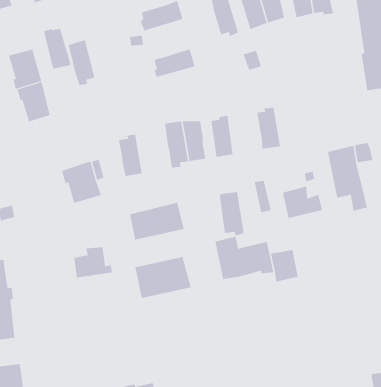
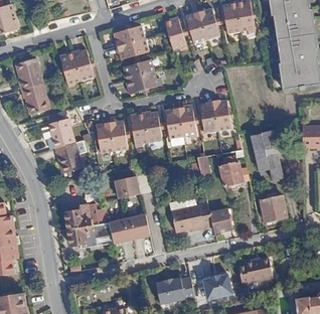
building: none -> [116,36,149,58]
building: [43,28,72,69] -> [72,49,94,80]
building: none -> [125,71,161,94]
building: none -> [212,101,231,131]
building: none -> [49,119,74,149]
building: none -> [110,120,128,151]
building: [219,192,245,236] -> [178,106,197,139]
building: none -> [260,197,286,221]
building: none -> [65,222,111,248]
building: none -> [237,260,271,286]
building: none -> [202,274,230,297]
building: none -> [154,275,193,301]

